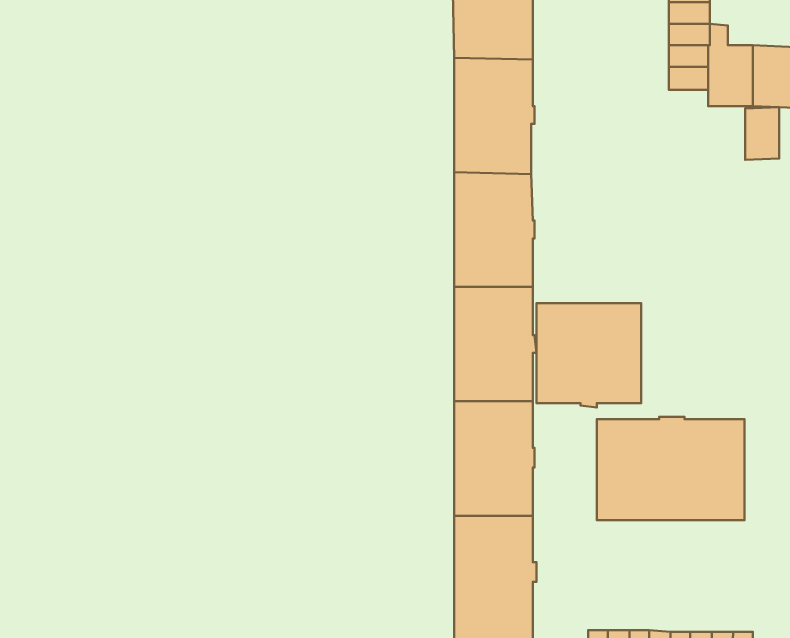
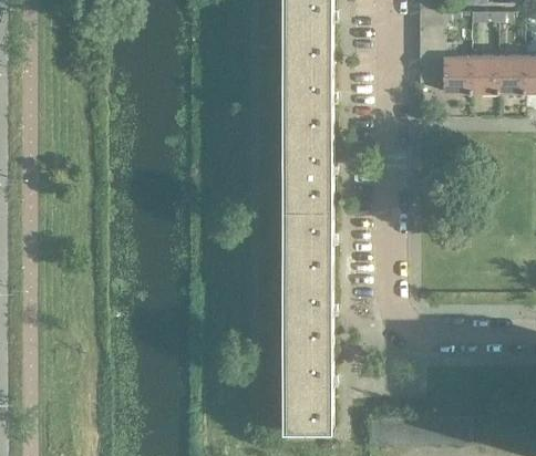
building: [745,107,779,160] -> none
building: [536,303,641,408] -> none
building: [597,417,745,520] -> none

